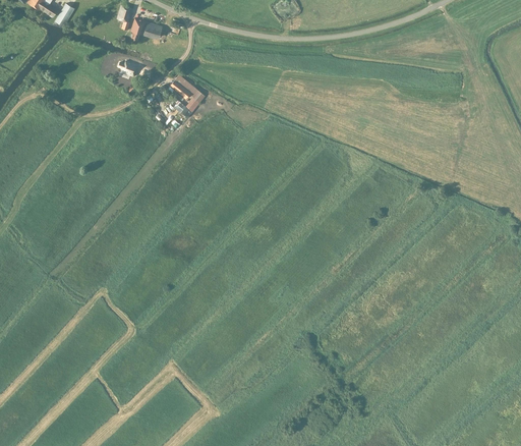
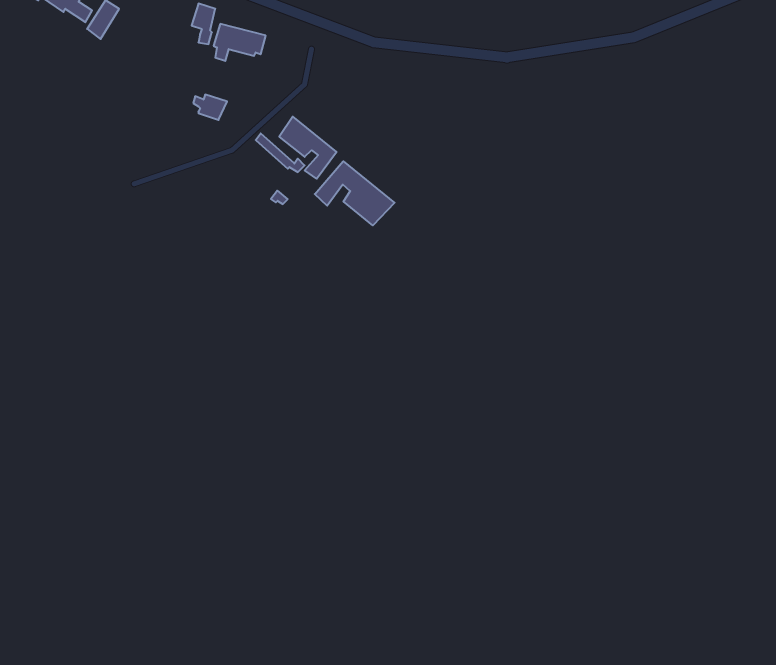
building: none -> [315,161,395,225]

